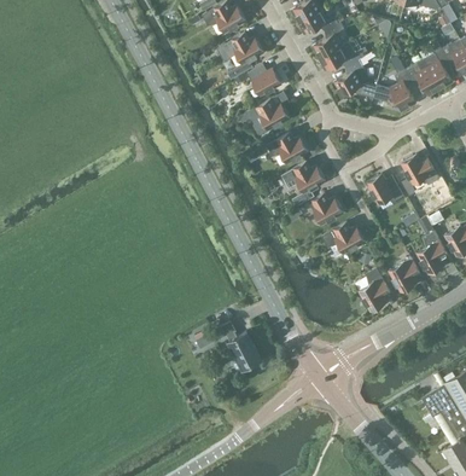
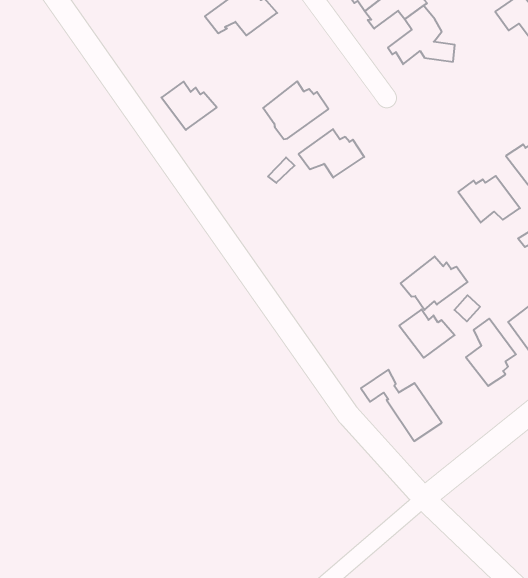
building: [247,64,282,95] -> [161,82,217,130]
building: [374,69,417,109] -> none
building: [281,162,326,193] -> none
building: [309,193,344,225] -> [399,309,455,358]
building: [212,320,262,368] -> [361,370,442,441]

